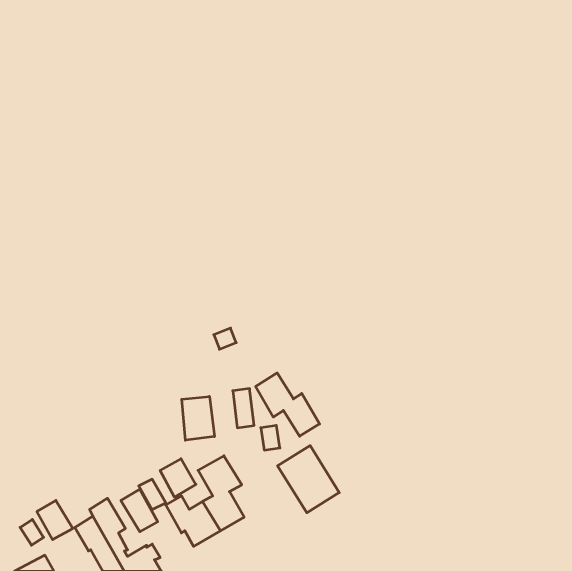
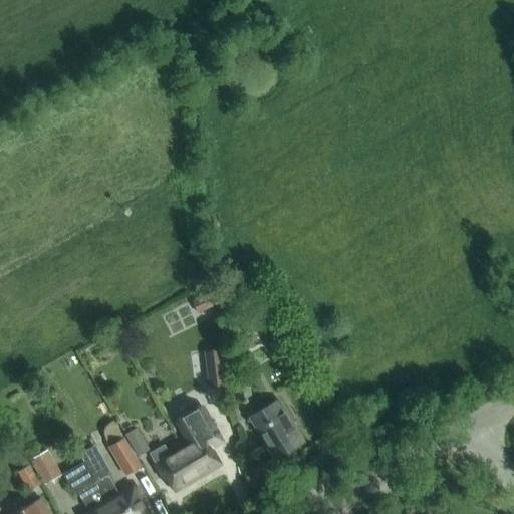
building: [256,373,320,436] -> none
building: [182,396,214,440] -> none
building: [160,459,196,497] -> none

